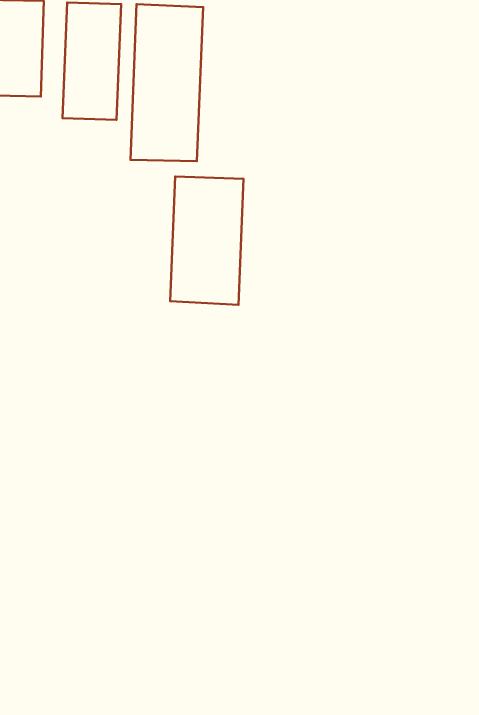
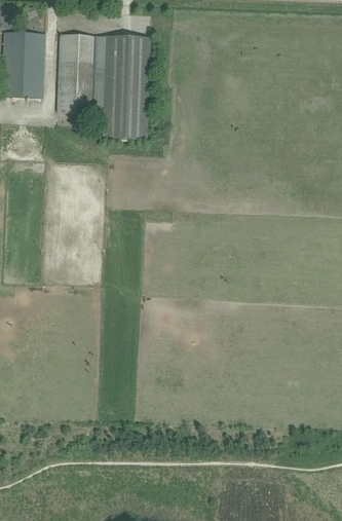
building: [170,177,243,305] -> none

